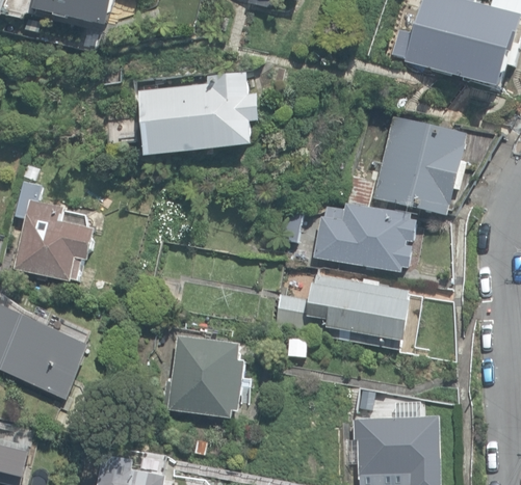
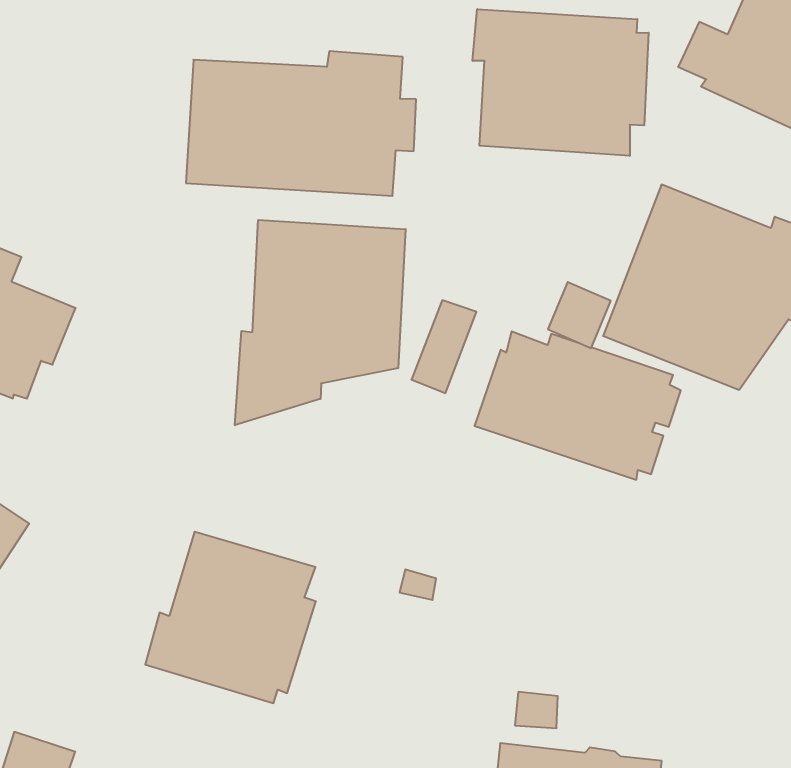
building: none -> [473,9,649,156]
building: none -> [235,220,406,425]
building: [273,273,423,354] -> none

